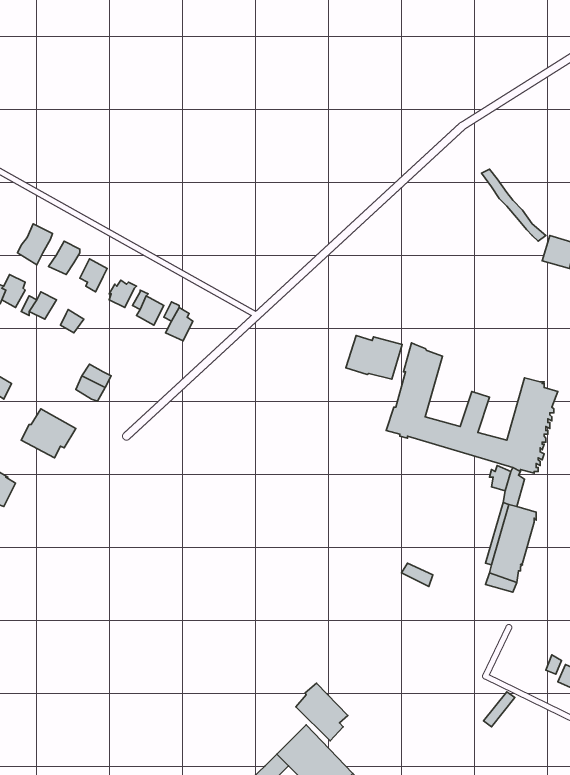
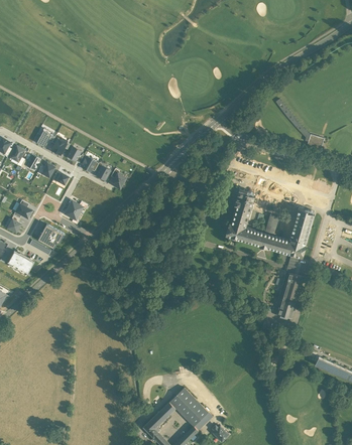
building: [346,335,402,379] -> none
building: [296,683,348,741] -> none

